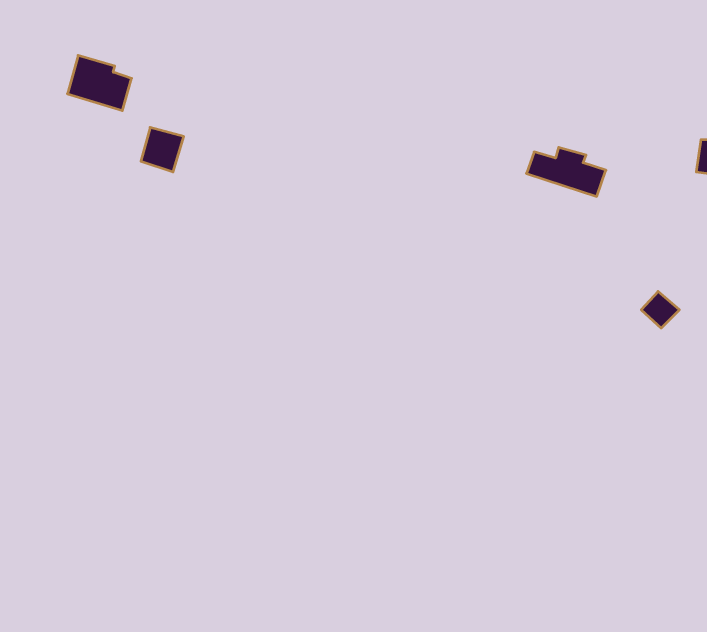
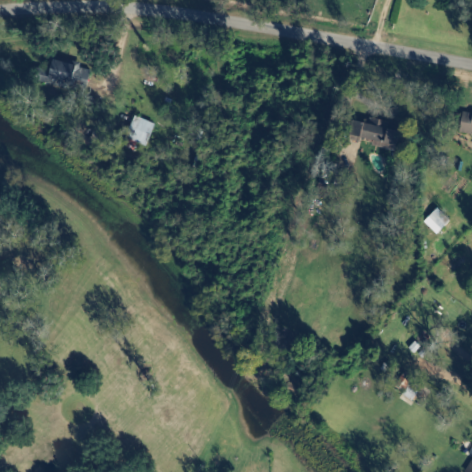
building: [141,127,184,172] -> [126,116,154,145]

